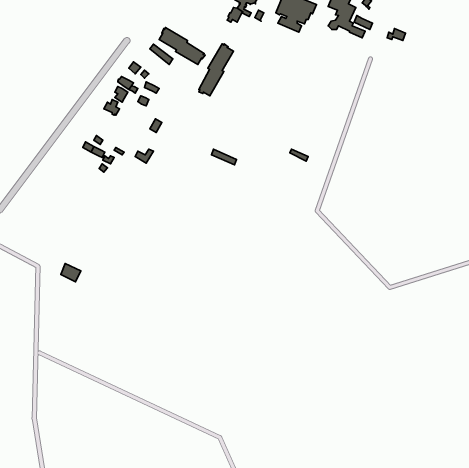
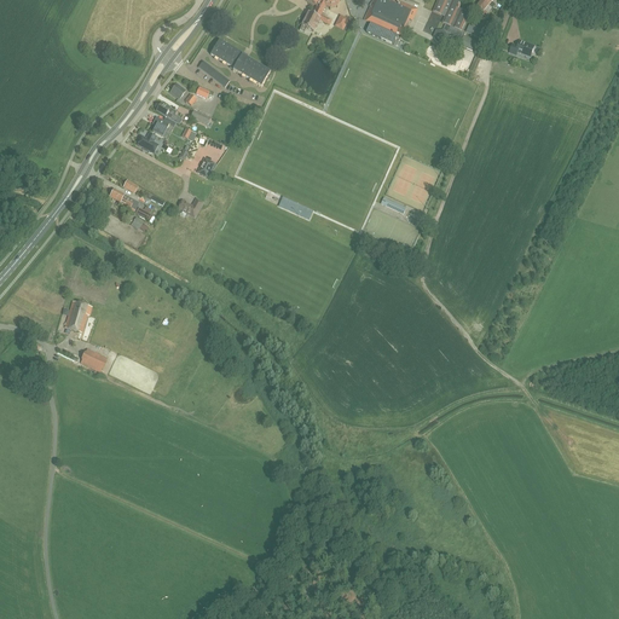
building: [199,44,234,96] -> none
building: none -> [64,299,91,330]

